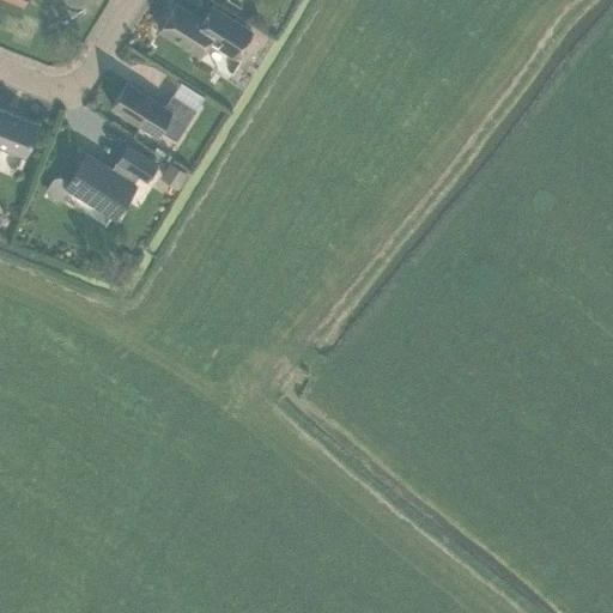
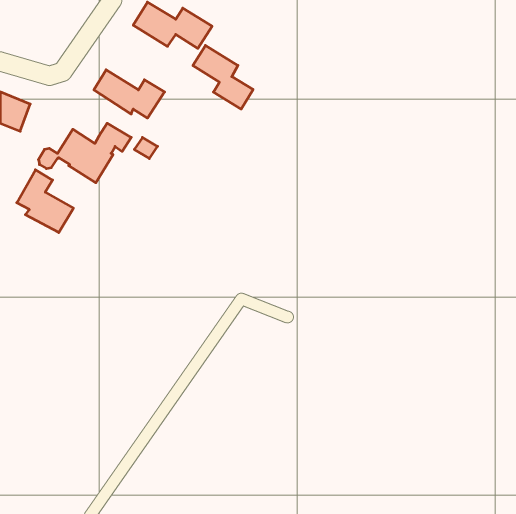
building: none -> [193,45,253,109]
building: none -> [17,170,73,233]

